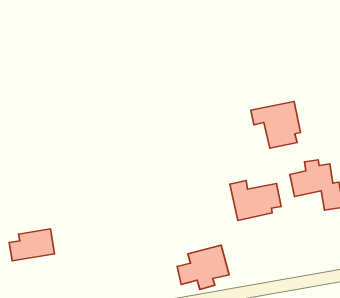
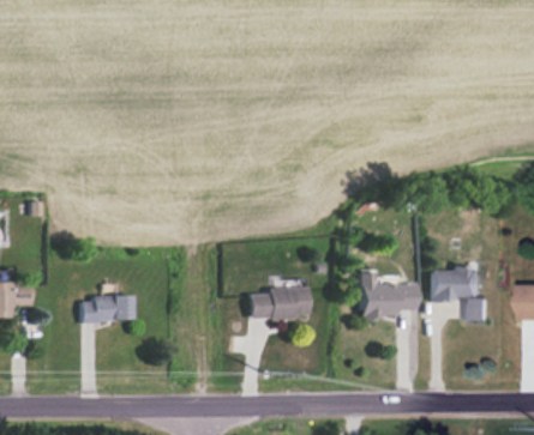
building: [251,101,300,148] -> none
building: [177,245,229,290] -> [248,278,310,327]

